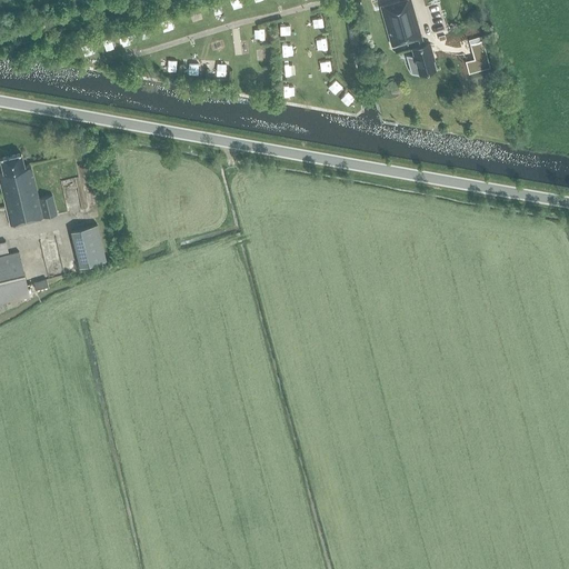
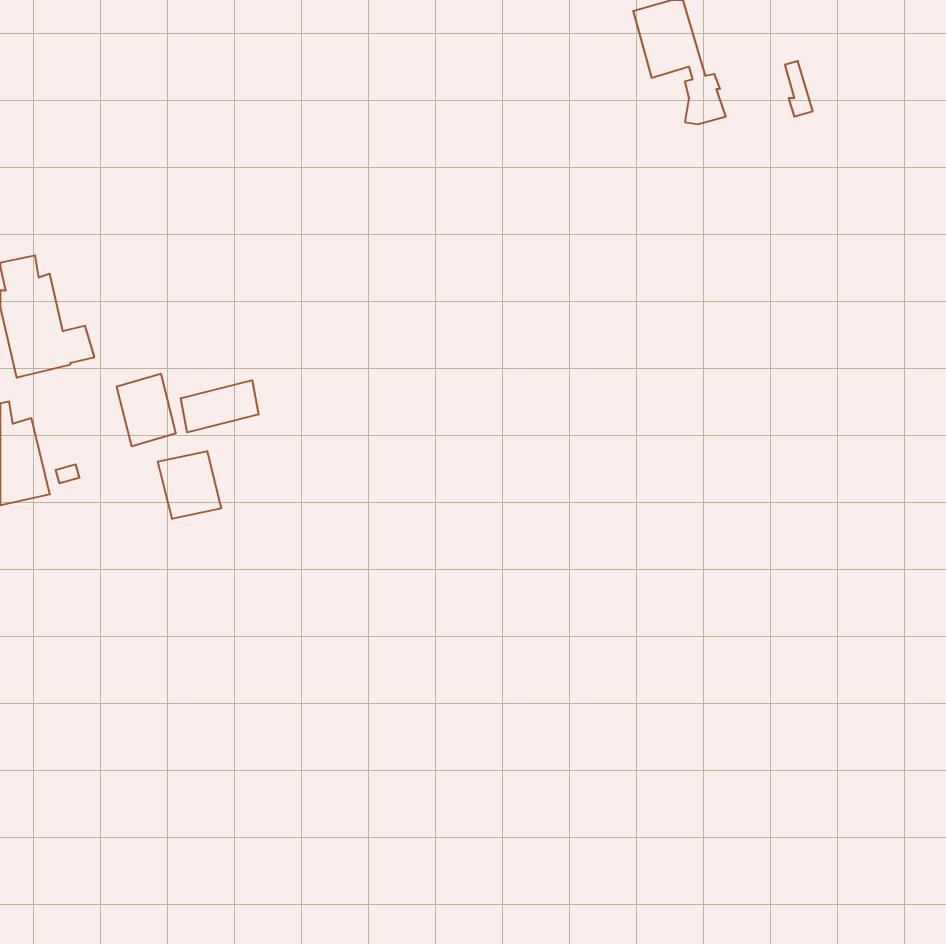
building: none -> [181,380,259,432]
building: none -> [158,451,221,519]

